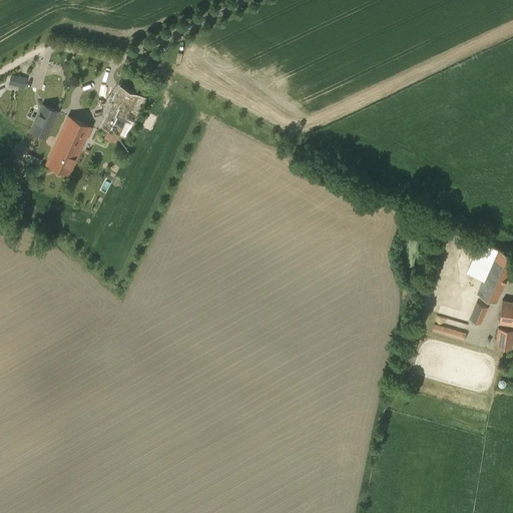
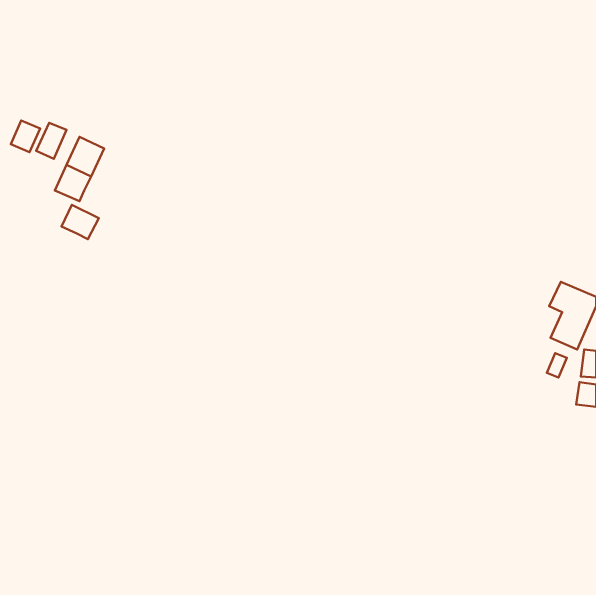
building: [102,88,144,138] -> none
building: none -> [11,120,40,152]
building: none -> [62,205,99,239]

